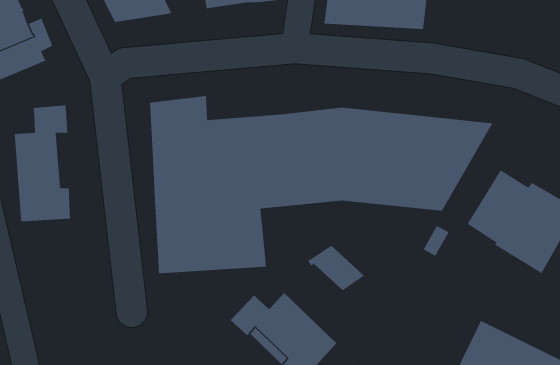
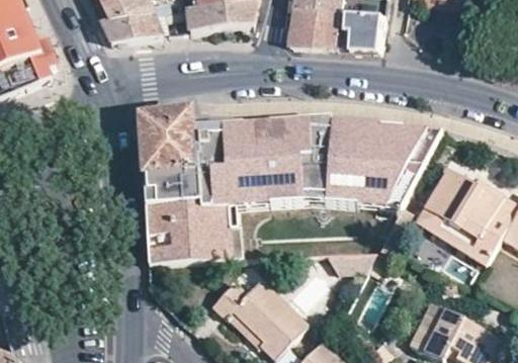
building: [14,104,71,222] -> none
building: [308,245,365,291] -> none

